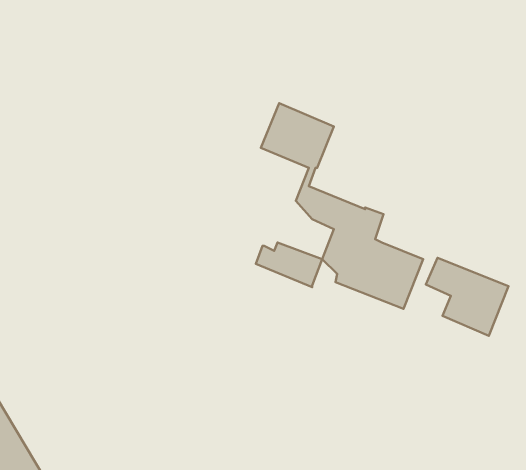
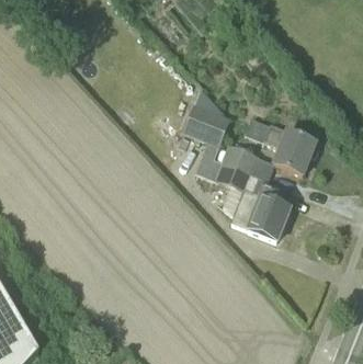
building: [256,242,322,287] -> [213,140,257,170]
building: [426,258,509,336] -> [260,120,315,171]

